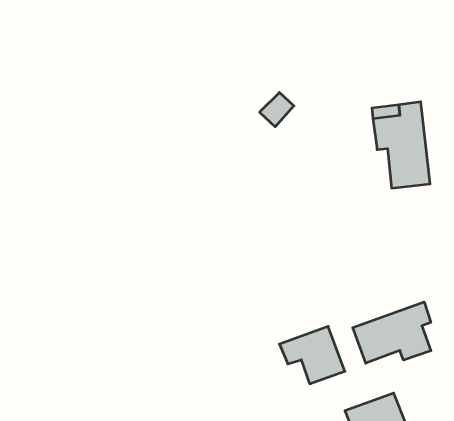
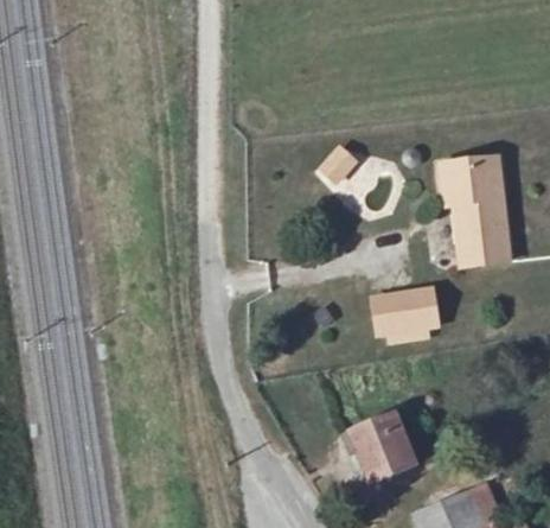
building: none -> [372,291,431,335]
building: [353,302,431,363] -> none

